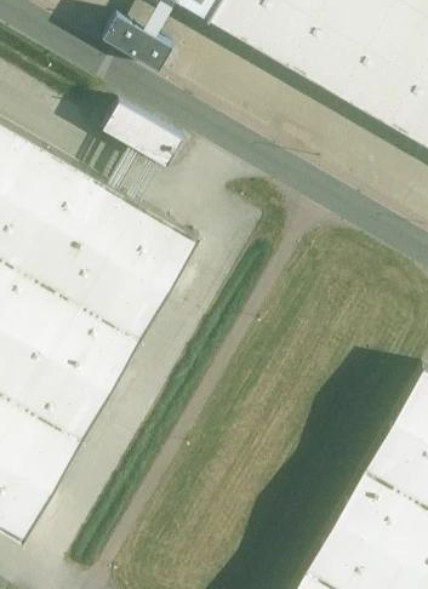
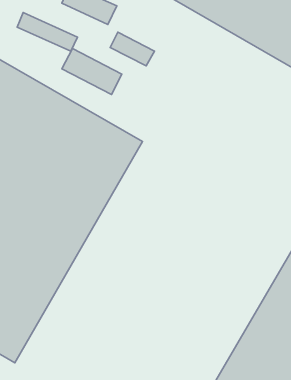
building: none -> [17,13,78,51]
building: none -> [110,32,154,66]

